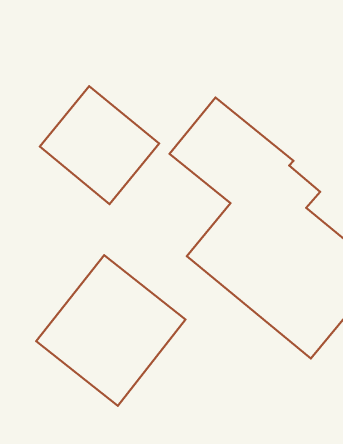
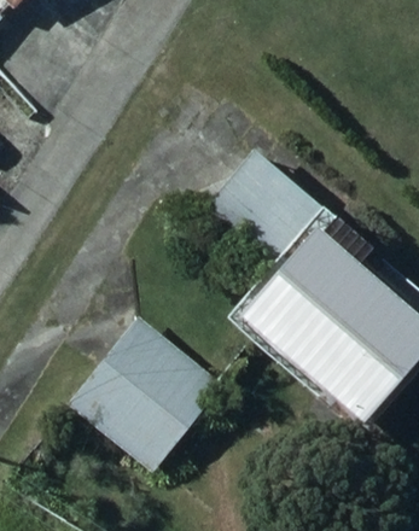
building: [40,86,159,204] -> none

